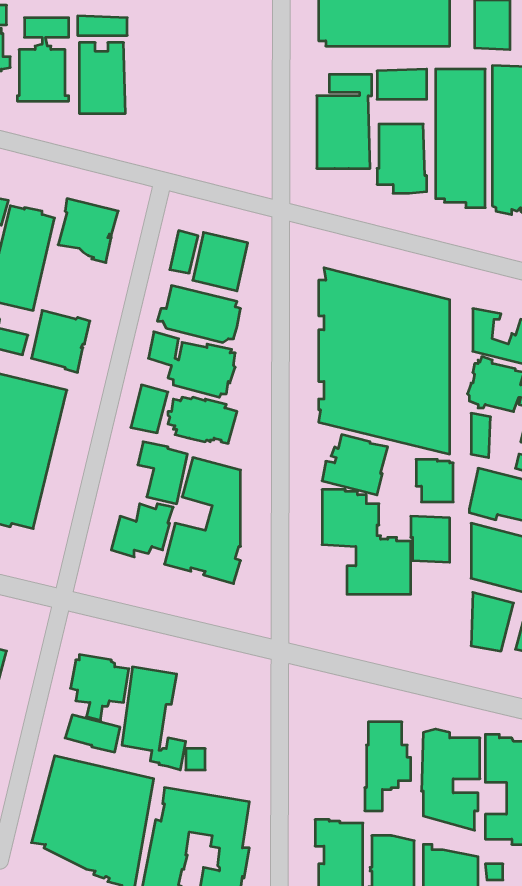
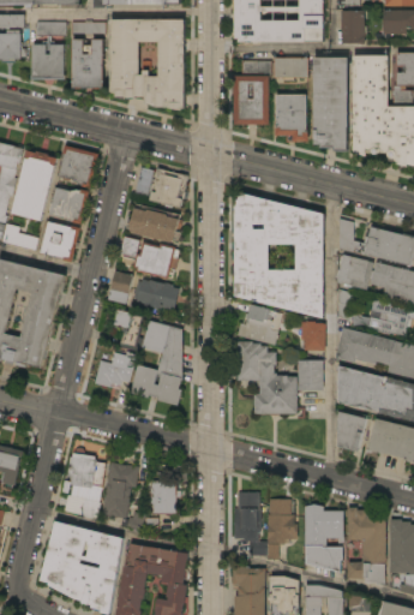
building: none -> [110,20,184,111]
building: none -> [48,185,89,225]
building: none -> [149,482,180,514]
building: none -> [233,492,265,556]

